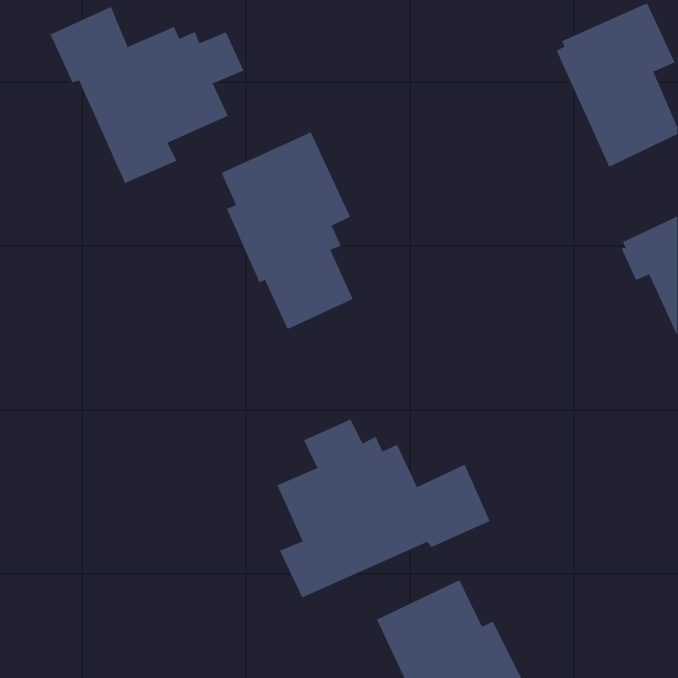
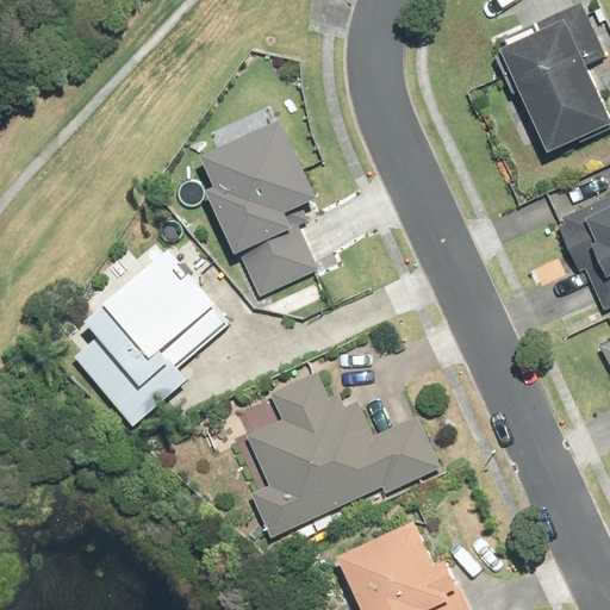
building: [50,6,244,184] -> none
building: none -> [74,247,229,427]

